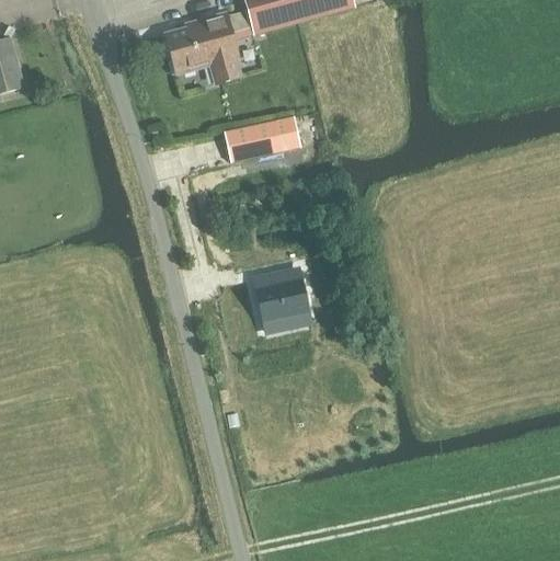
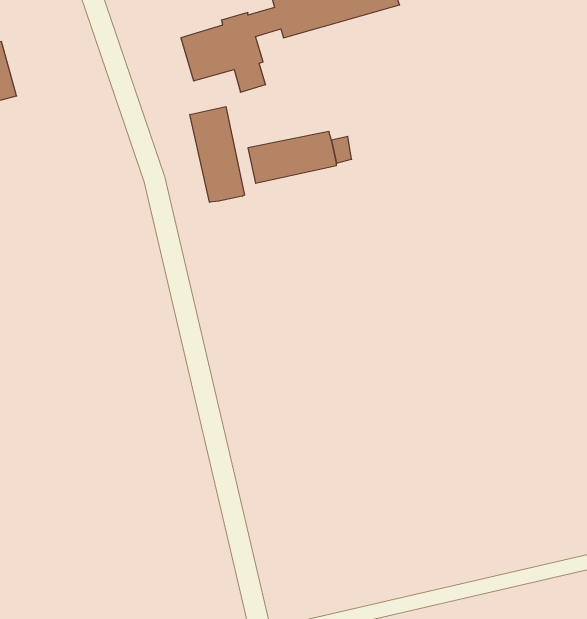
building: none -> [190,107,245,202]
building: [255,268,307,322] -> none

